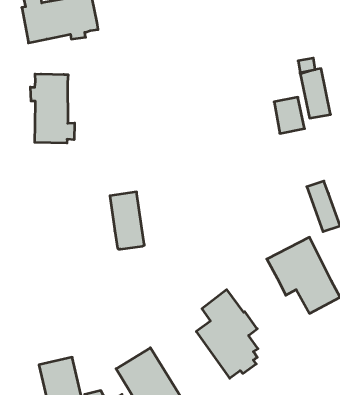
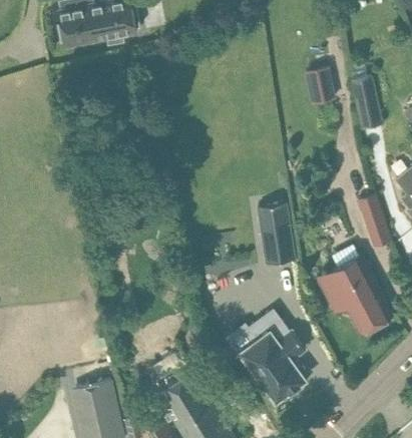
building: [30,74,75,143] -> none
building: [274,97,305,133] -> [304,68,336,106]
building: [110,192,144,249] -> [258,203,294,264]

